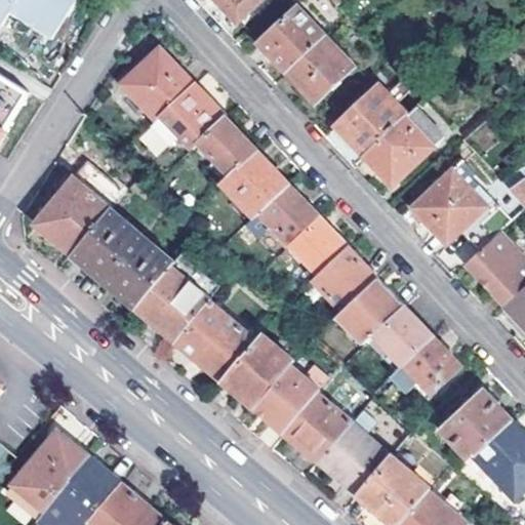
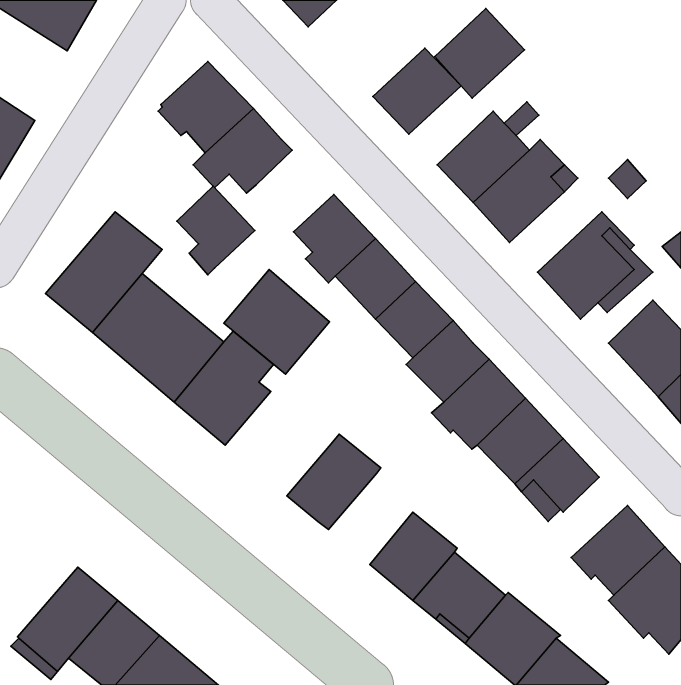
building: [256,5,325,74] -> [435,8,525,98]
building: [196,115,255,183] -> [177,186,255,275]
building: [172,299,253,379] -> [224,270,330,374]
building: [251,362,319,432] -> none

